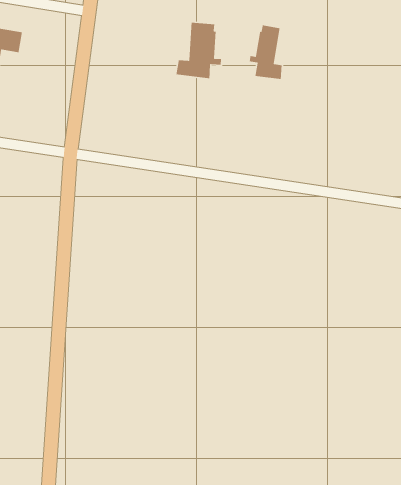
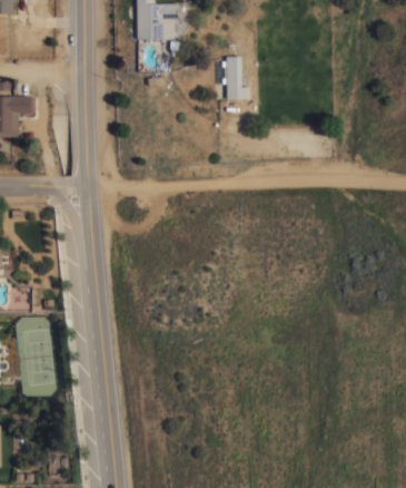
building: [175,22,222,79] -> none

